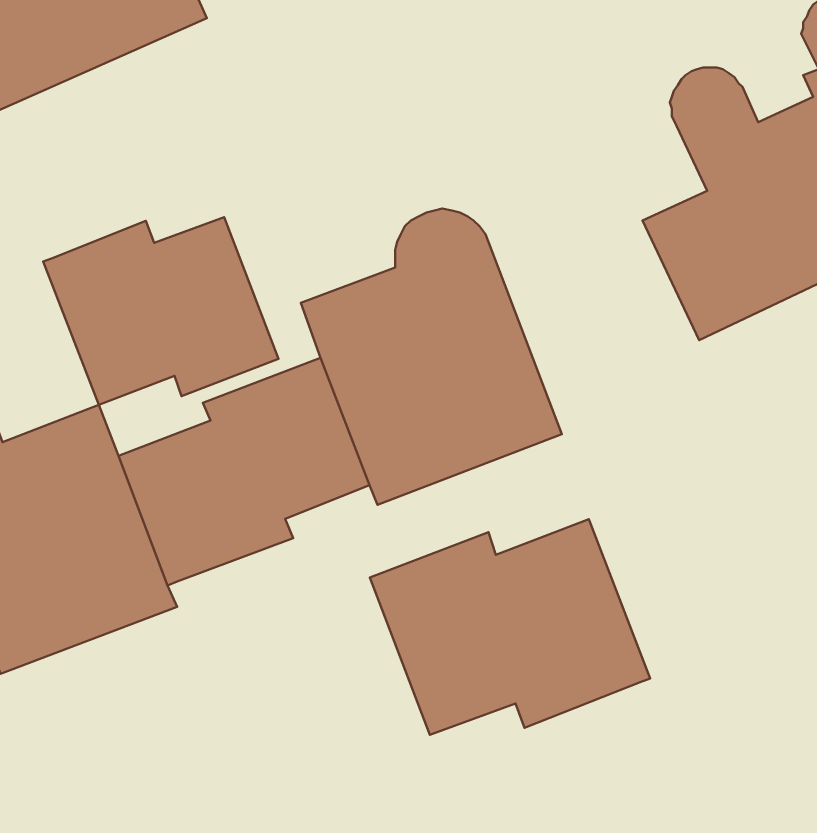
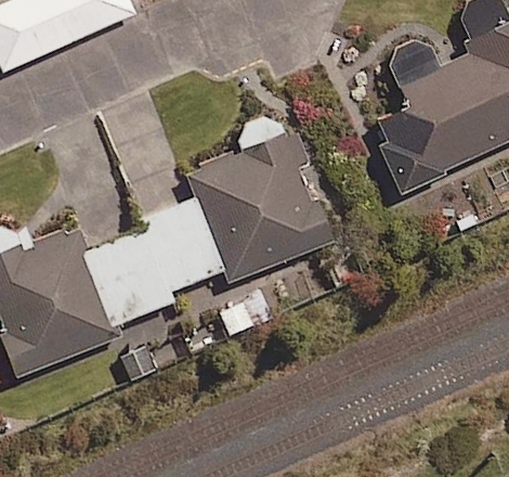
building: [43,217,278,405] -> none
building: [370,519,650,735] -> none

